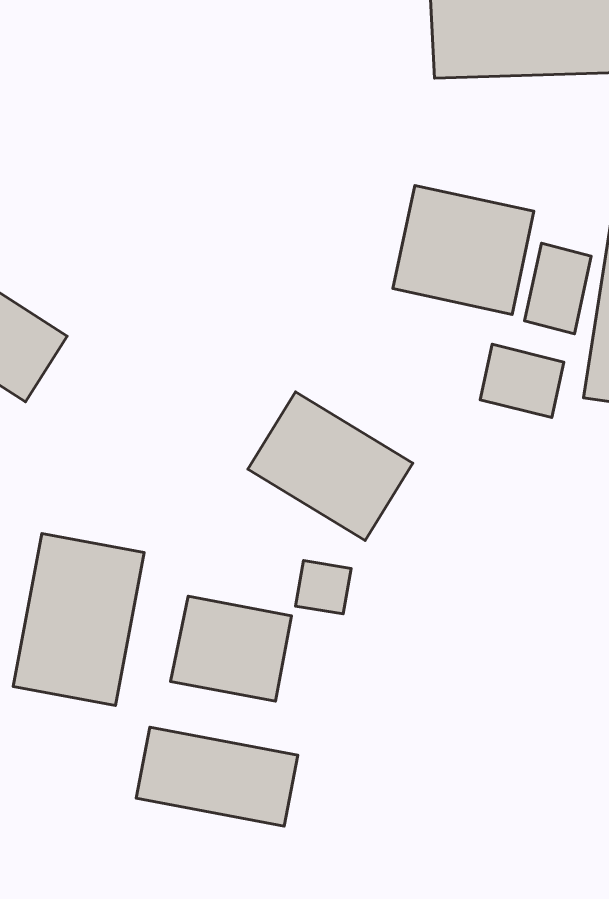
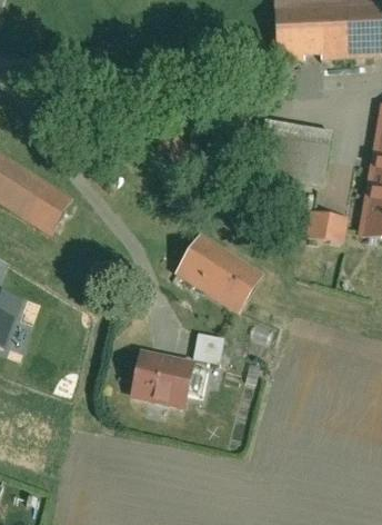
building: [525,243,591,334] -> none
building: [13,534,144,705] -> none
building: [136,727,298,826] -> none

